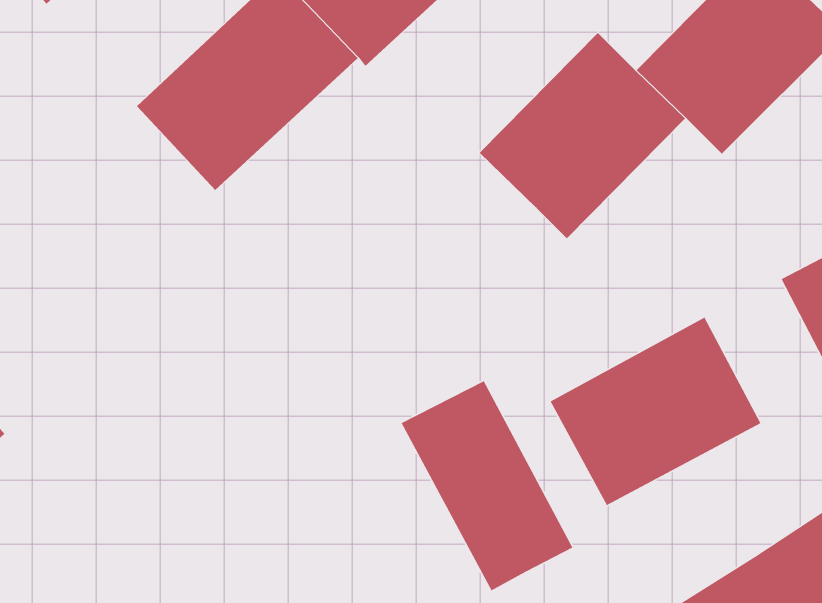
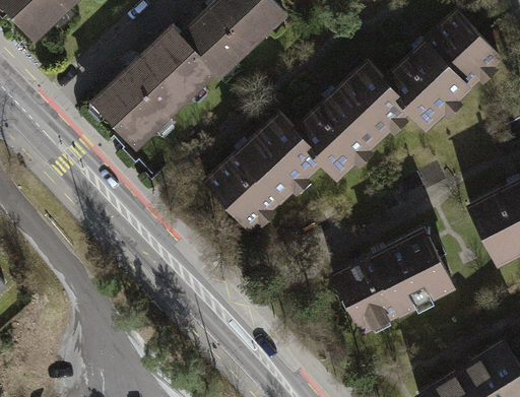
building: none -> [203,112,322,230]
building: [400,380,574,591] -> none

